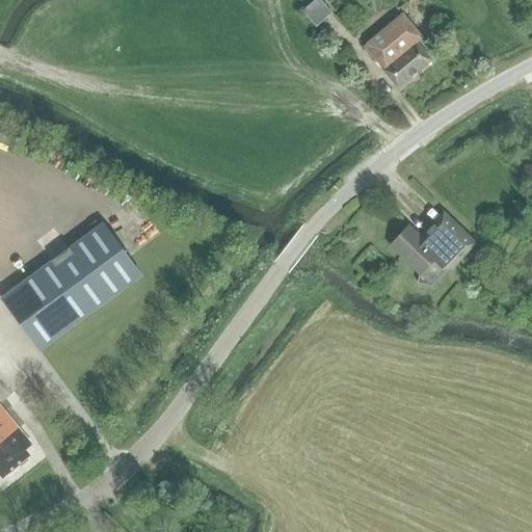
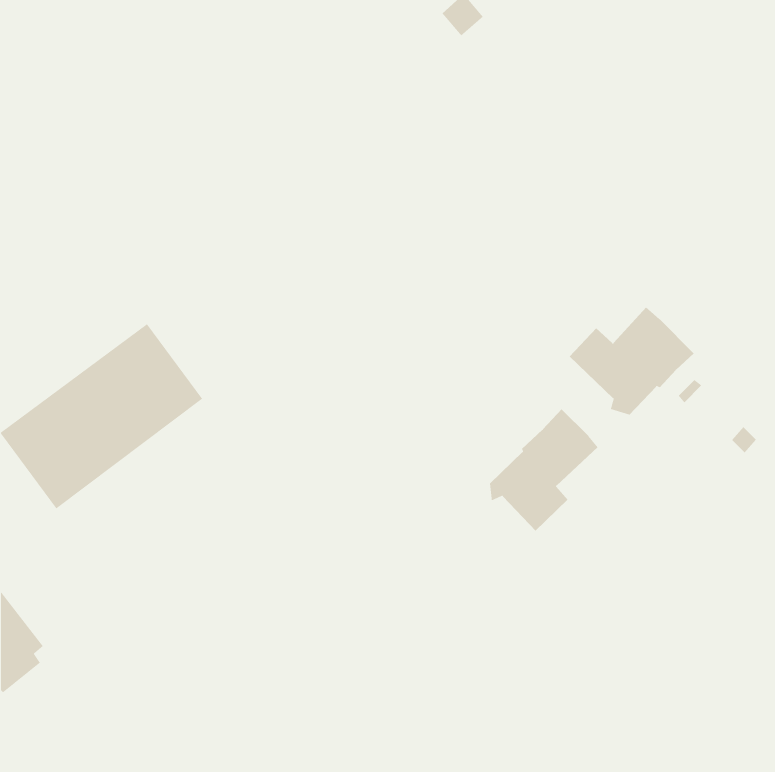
building: [365,12,431,86] -> none
building: none -> [489,408,598,532]

